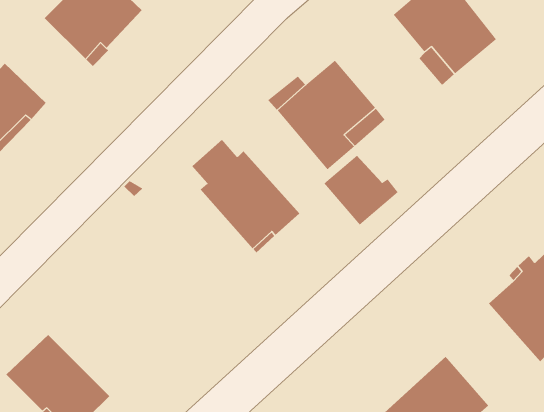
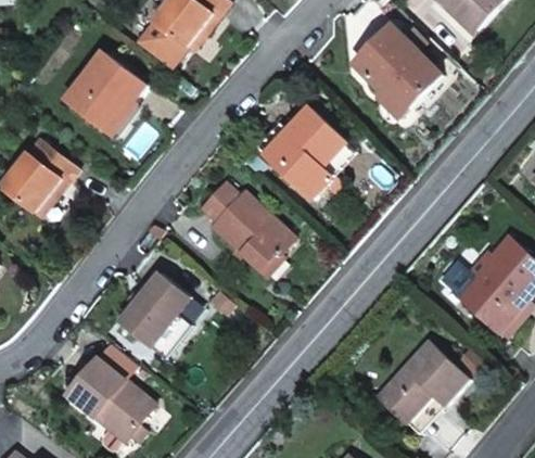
building: [324,155,399,226] -> none
building: none -> [120,272,190,346]

